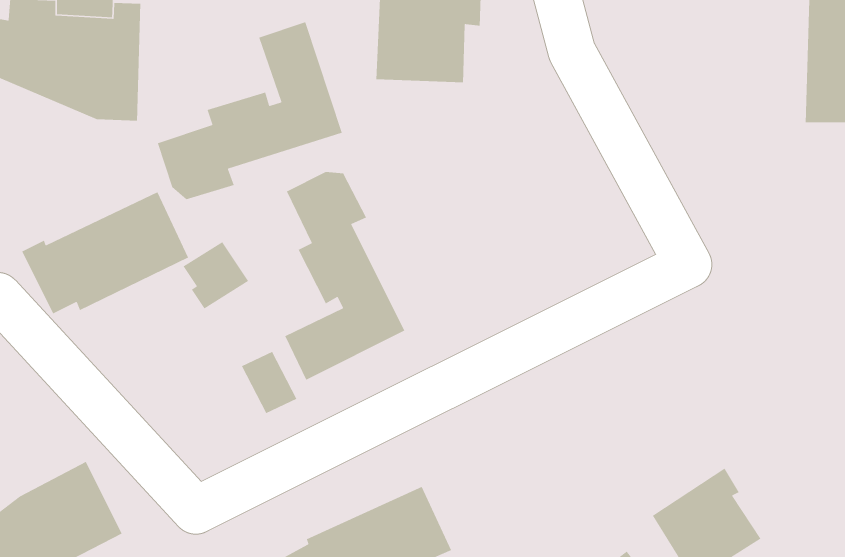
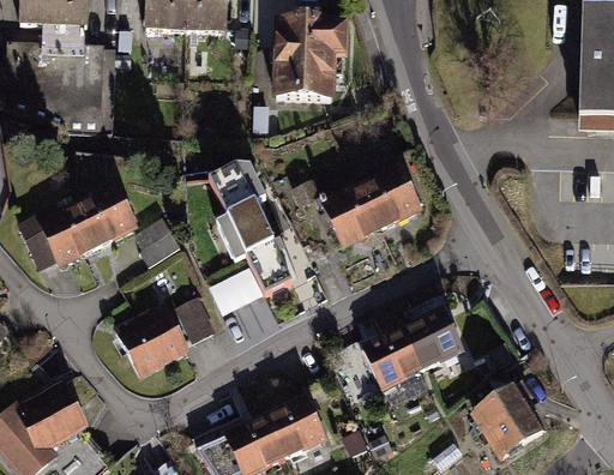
building: [157,21,343,200] -> none
building: none -> [320,161,422,246]
building: none -> [357,303,464,392]
building: none -> [112,306,188,377]

